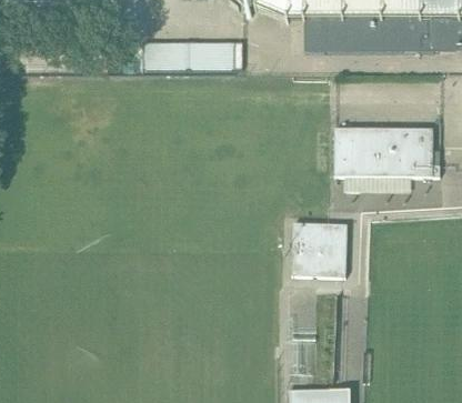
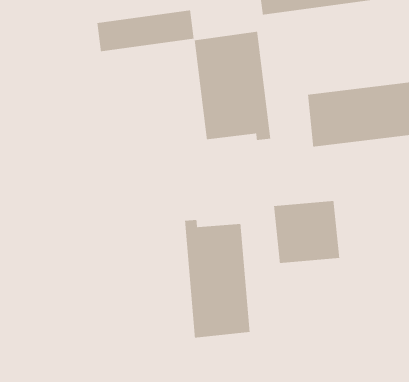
building: none -> [194,31,271,141]
building: none -> [184,219,250,338]

